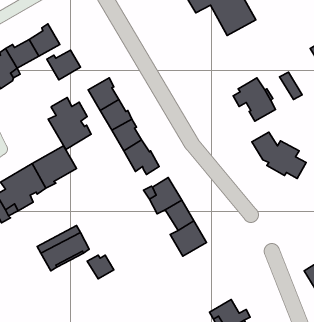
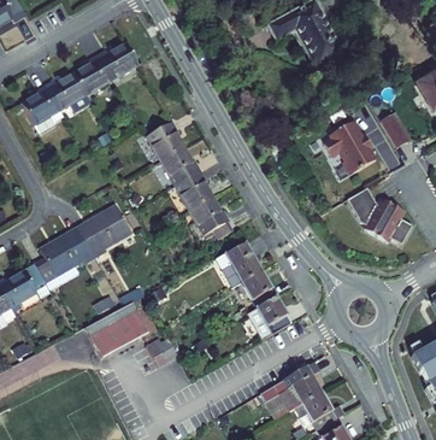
building: [47,50,80,80] -> [98,43,139,80]
building: [48,97,91,150] -> none
building: none -> [260,362,322,411]

